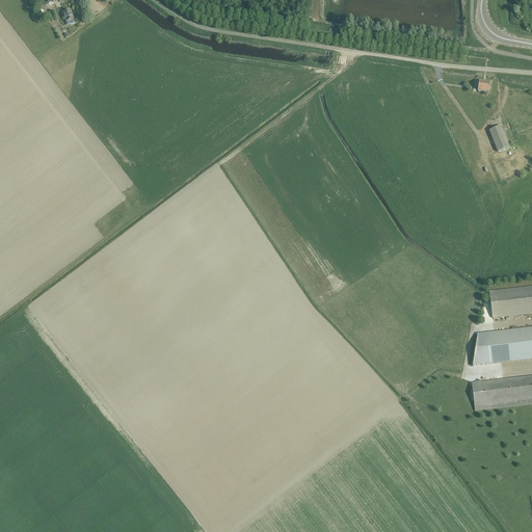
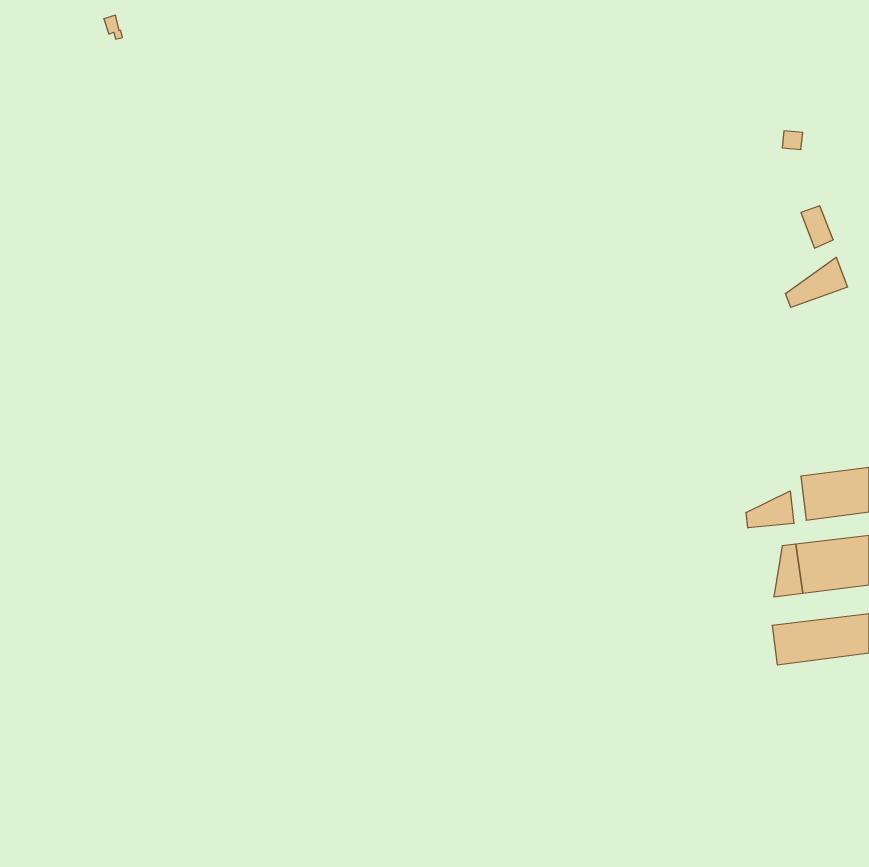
building: none -> [785,257,848,307]
building: none -> [746,491,794,528]

